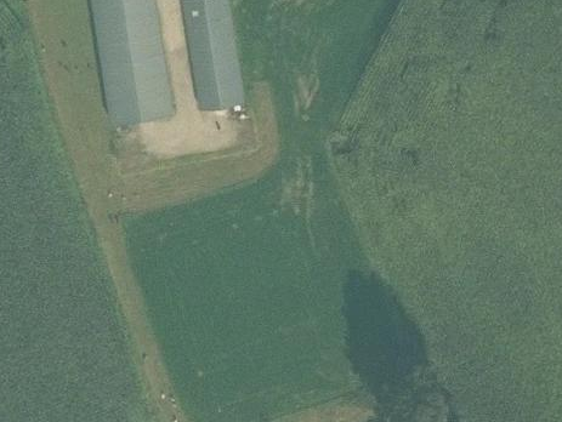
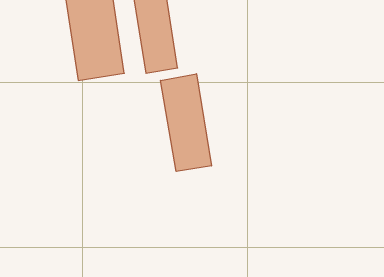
building: none -> [161,74,211,171]

